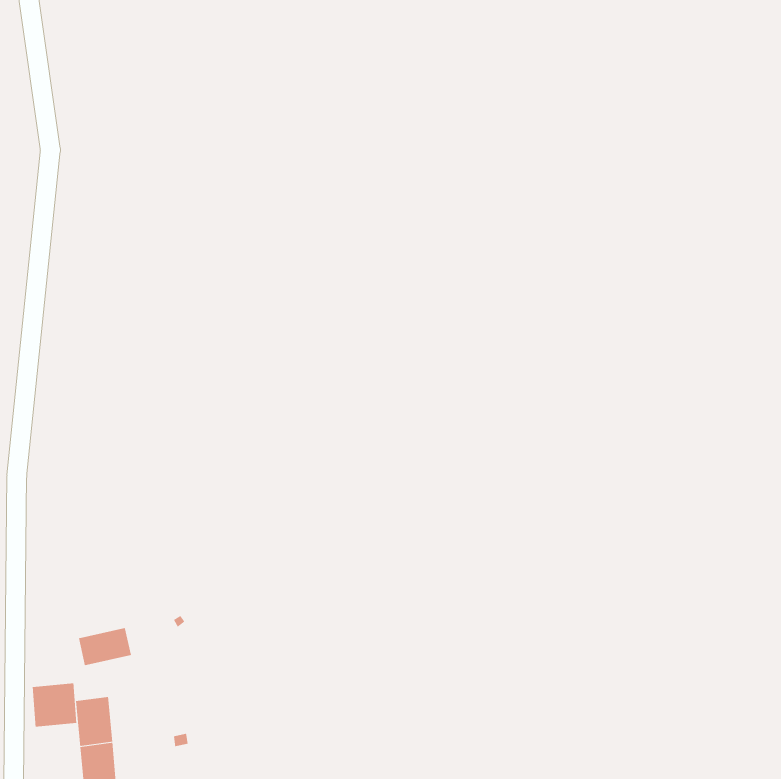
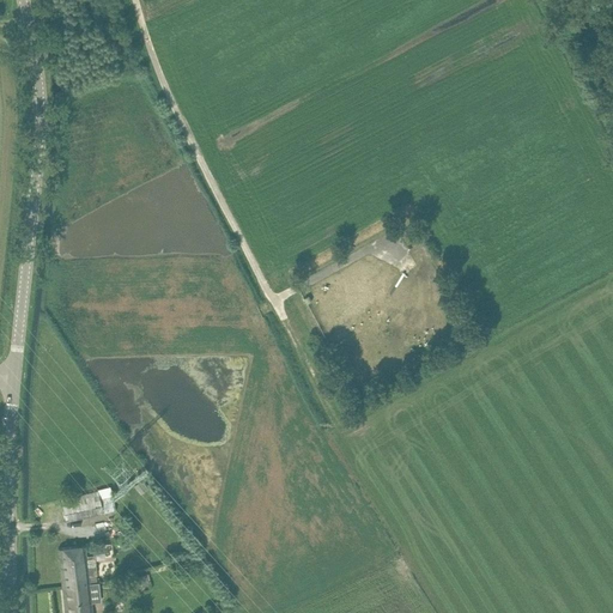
building: [32,682,77,728] -> none

